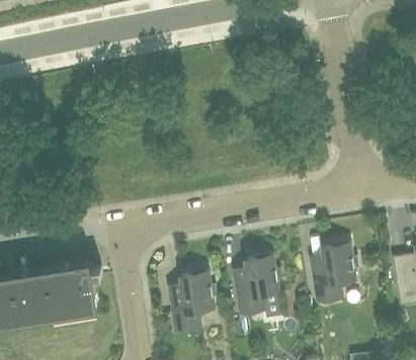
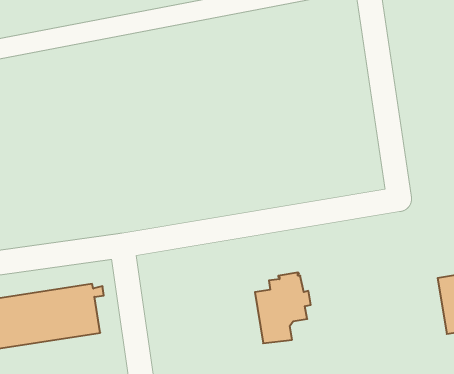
building: [310,243,358,304] -> none
building: [168,271,217,333] -> none

